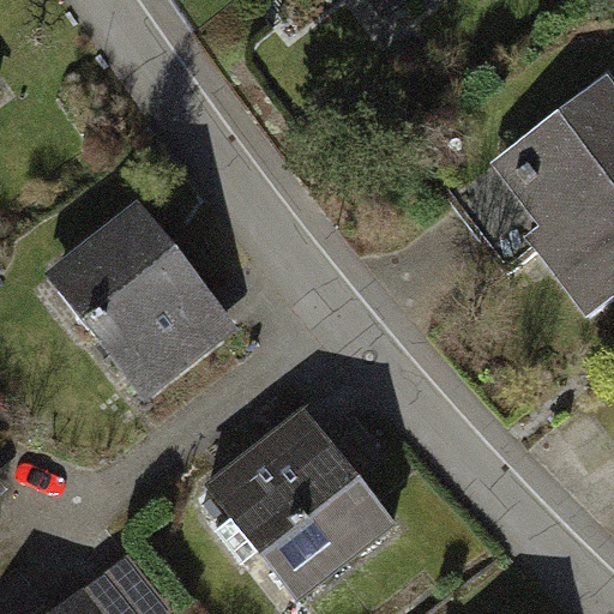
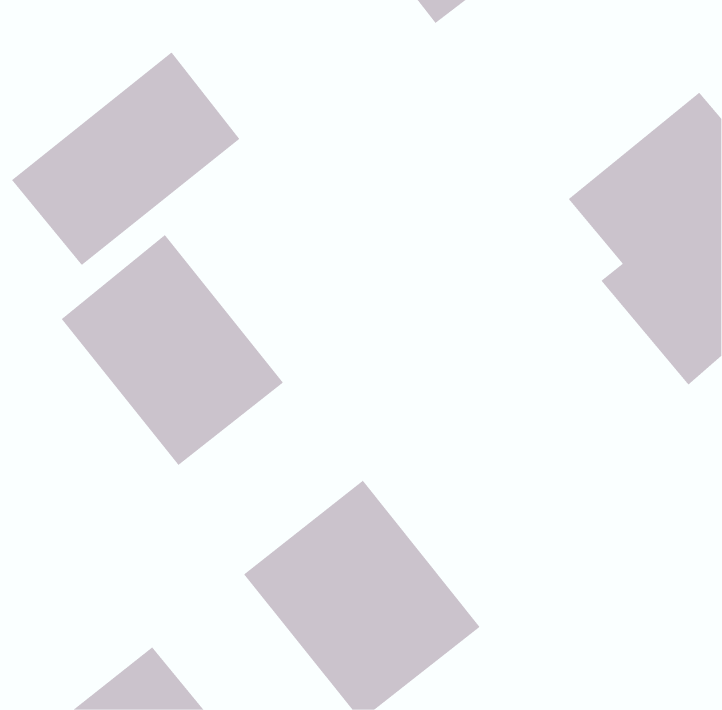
building: none -> [11,52,240,266]

